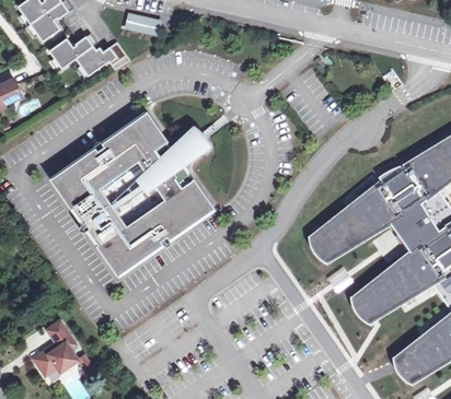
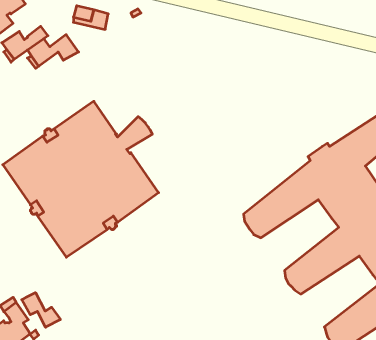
building: none -> [22,293,60,327]

